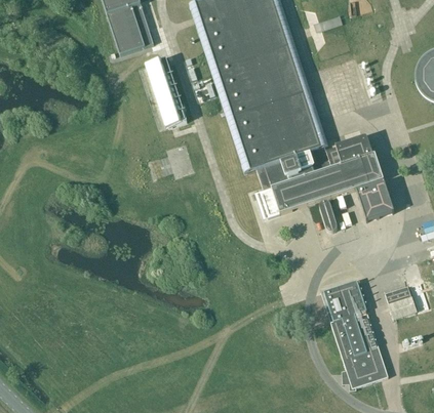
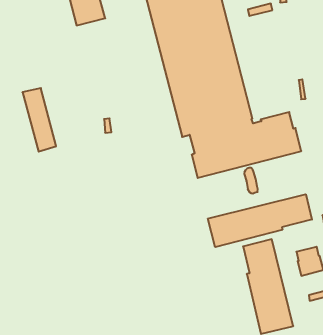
building: [146,57,188,129] -> [22,88,56,152]
building: [357,180,393,218] -> none
building: none -> [208,194,312,247]

